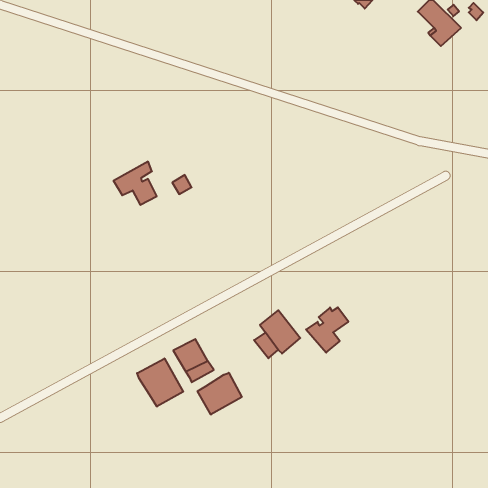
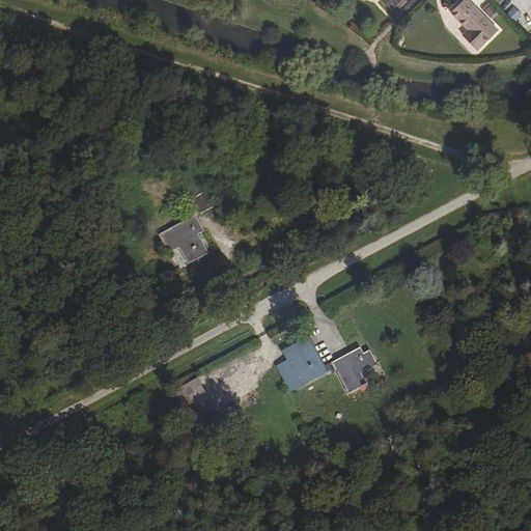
building: [113,162,157,205] -> [155,216,201,262]
building: [137,358,183,407] -> none
building: [198,373,242,415] -> none

